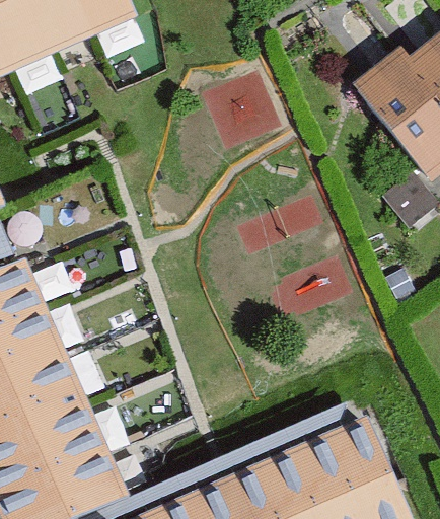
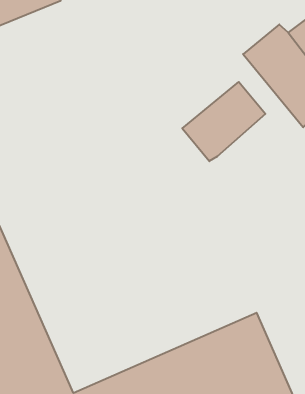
building: none -> [182,82,265,161]

